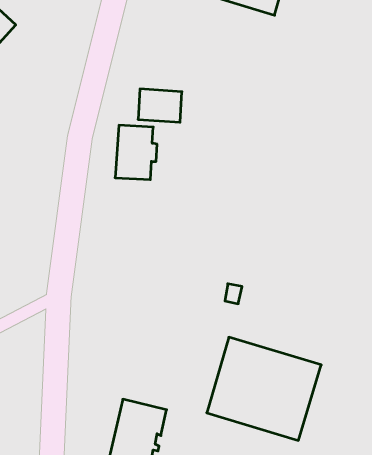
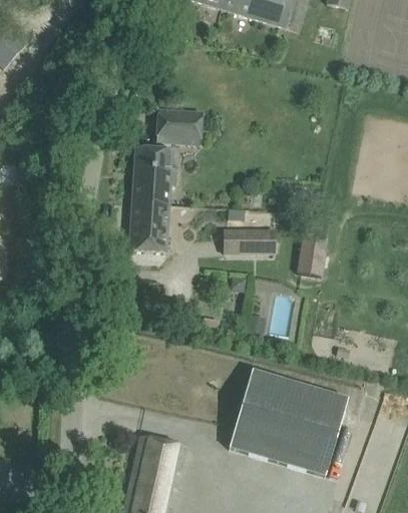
building: none -> [128,200,168,250]
building: none -> [223,226,276,253]
building: none -> [296,226,327,275]

